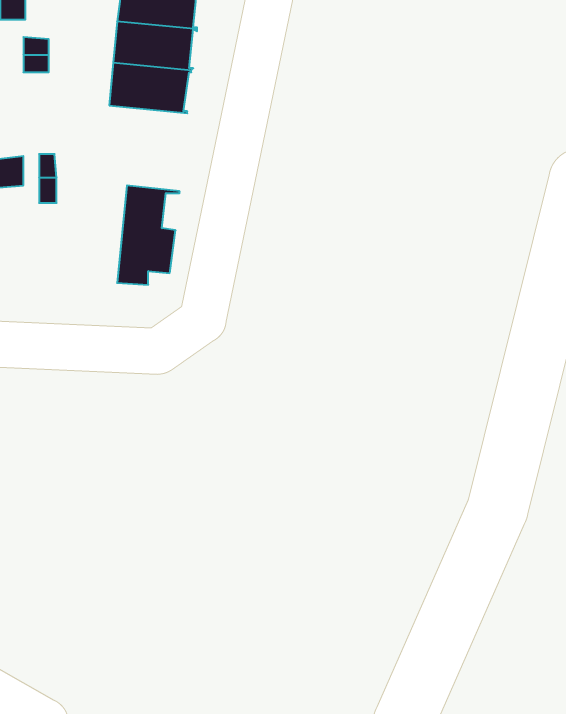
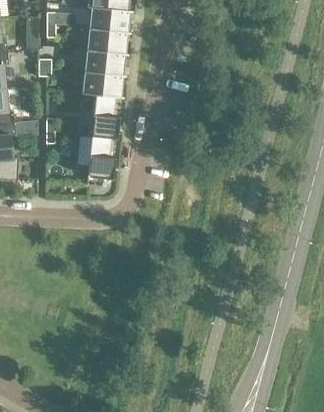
building: none -> [81,93,121,137]

